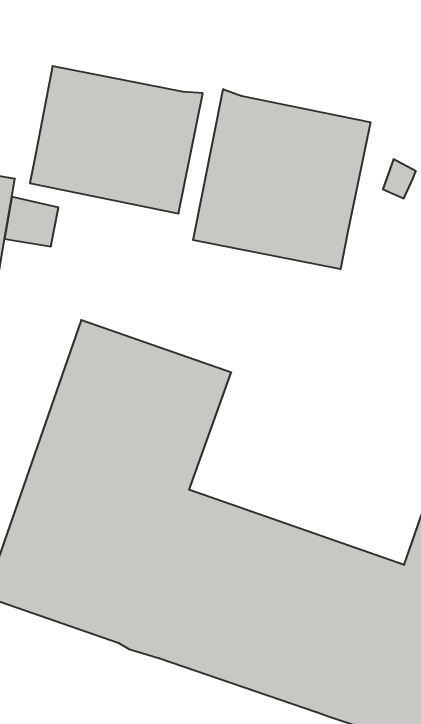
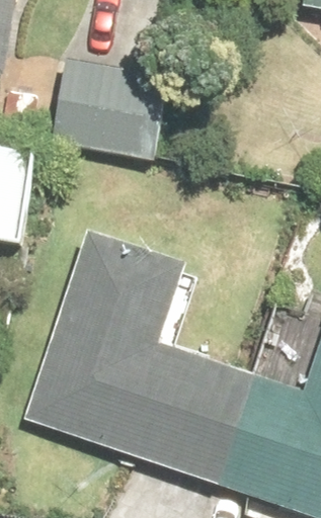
building: [193,89,371,269] -> none

